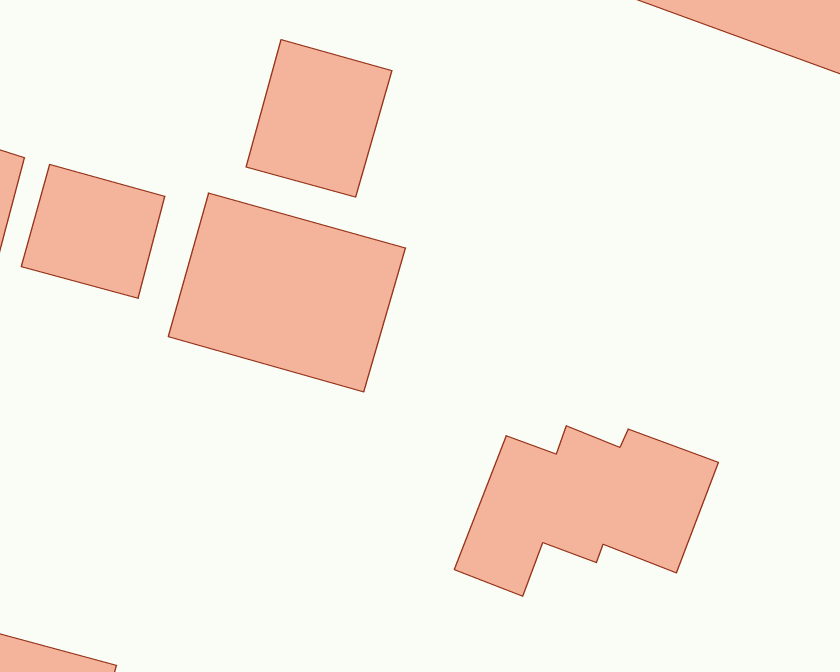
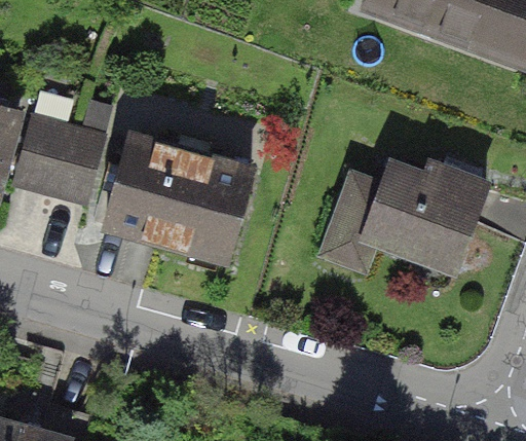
building: [246,40,392,197] -> none
building: [454,426,718,596] -> [324,167,486,271]

